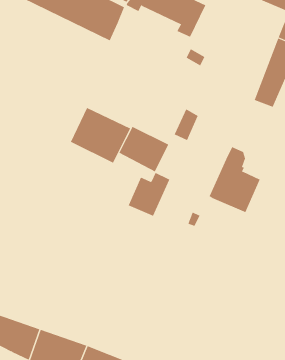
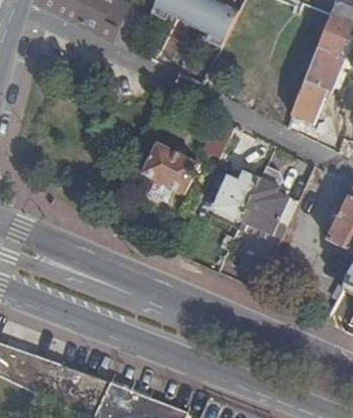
building: [70,107,131,164] -> none
building: [128,172,170,216] -> [213,169,259,218]

